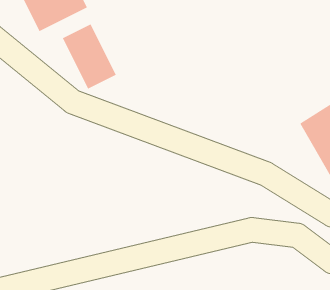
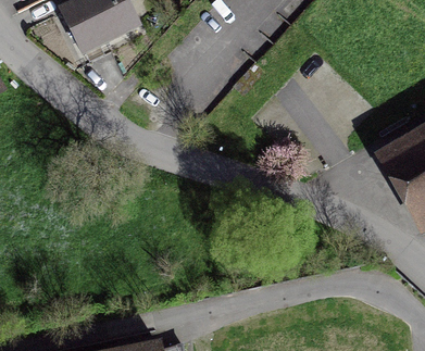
building: [62,23,117,89] -> none

